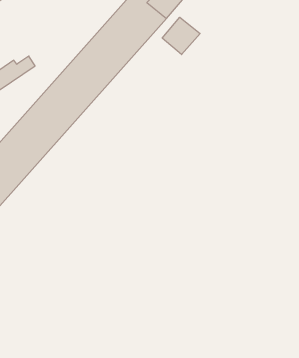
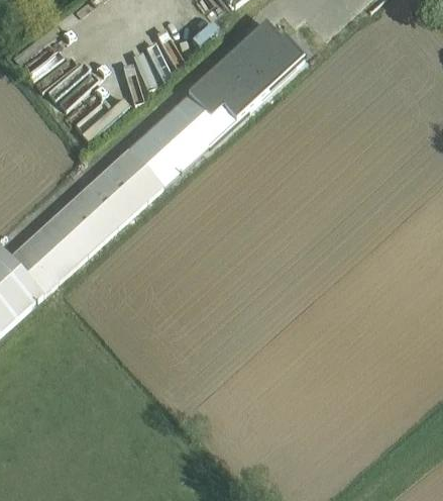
building: [162,17,200,55] -> none

